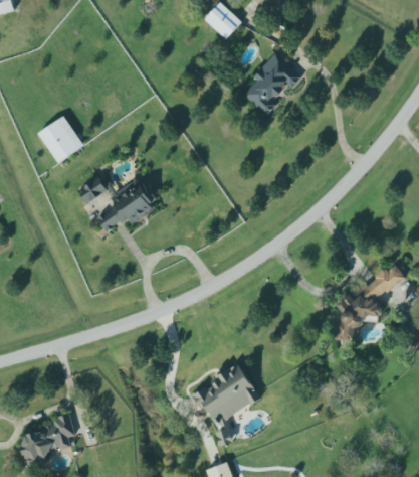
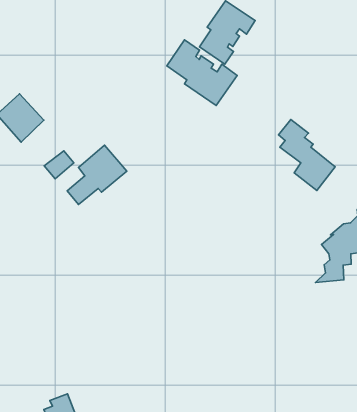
building: none -> [167,40,237,105]
building: none -> [278,119,335,191]
building: [192,363,261,446] -> none

